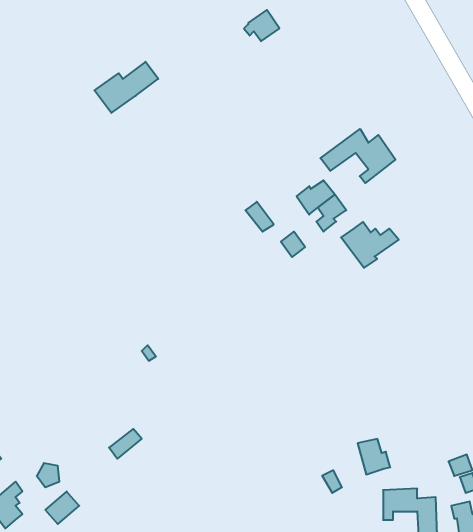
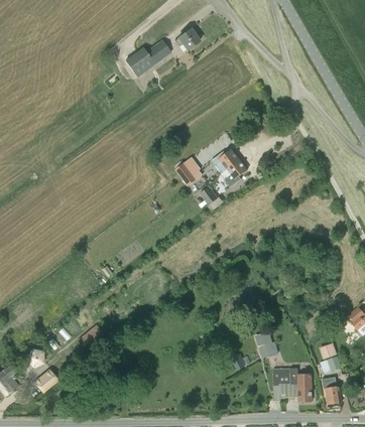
building: [94,62,158,113] -> [125,39,170,76]
building: [320,129,395,183] -> none
building: [341,222,399,268] -> none

